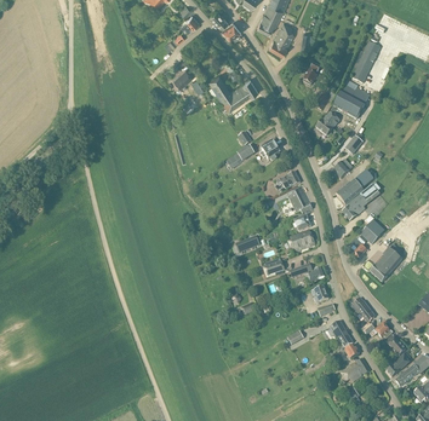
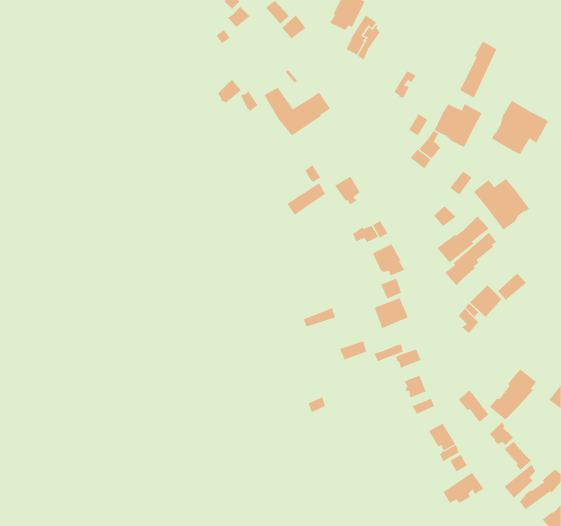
building: none -> [491,100,549,155]
building: none -> [473,178,530,231]
building: [370,243,405,281] -> [489,369,537,420]

